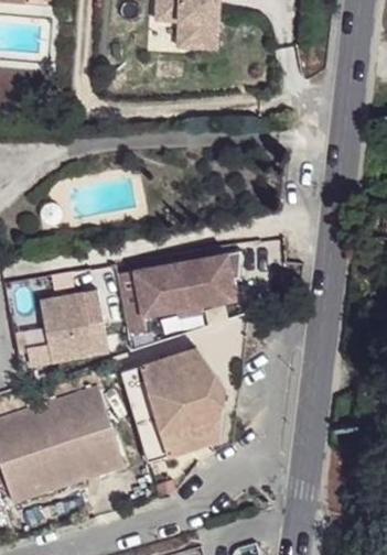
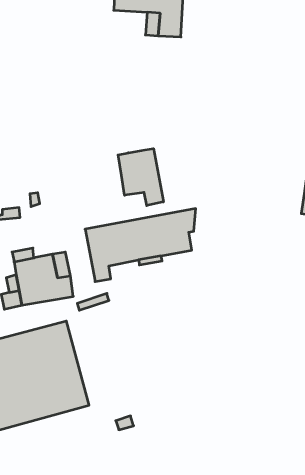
building: none -> [118,149,163,206]
building: [116,346,222,460] -> none

